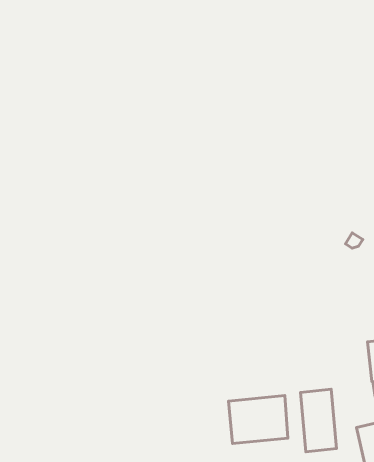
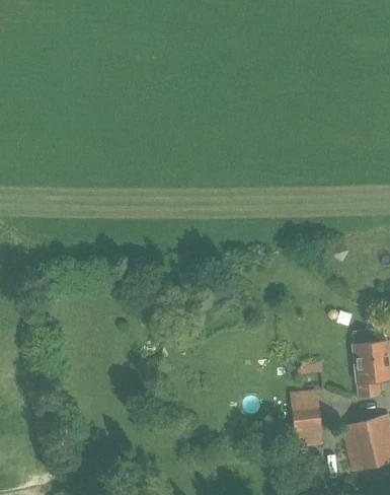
building: [228,396,288,443] -> none

